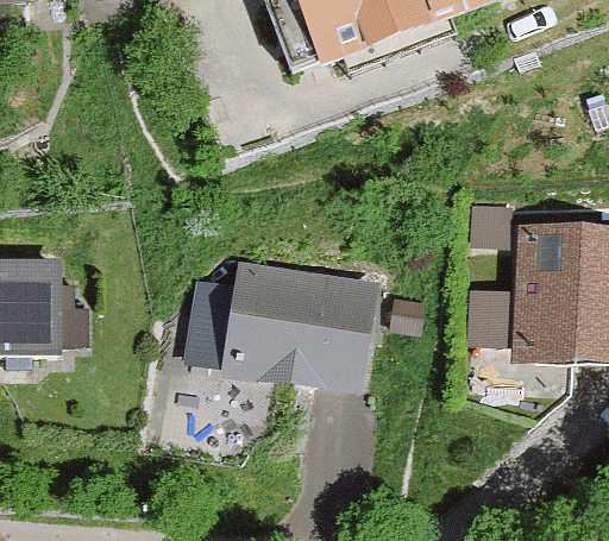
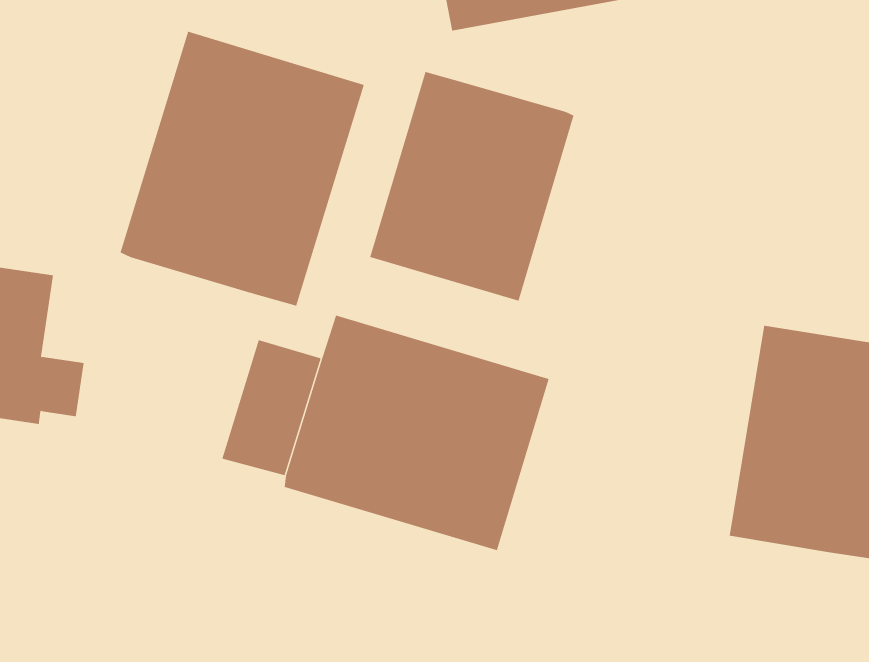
building: none -> [120,31,365,306]
building: none -> [369,71,574,302]

